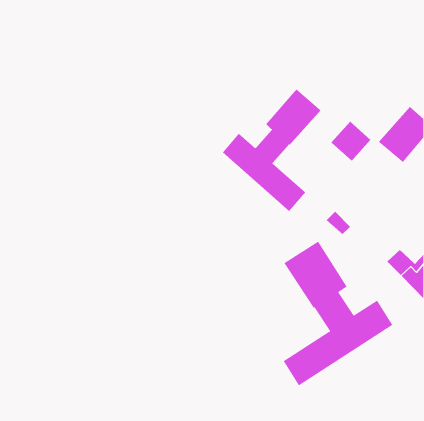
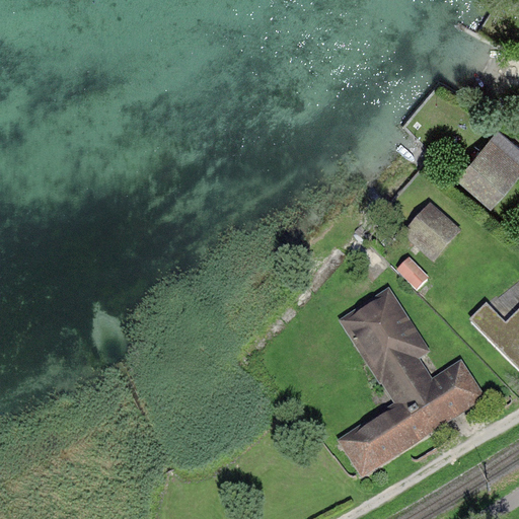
building: [222,89,321,212] -> none
building: [330,121,371,162] -> [407,207,457,256]

